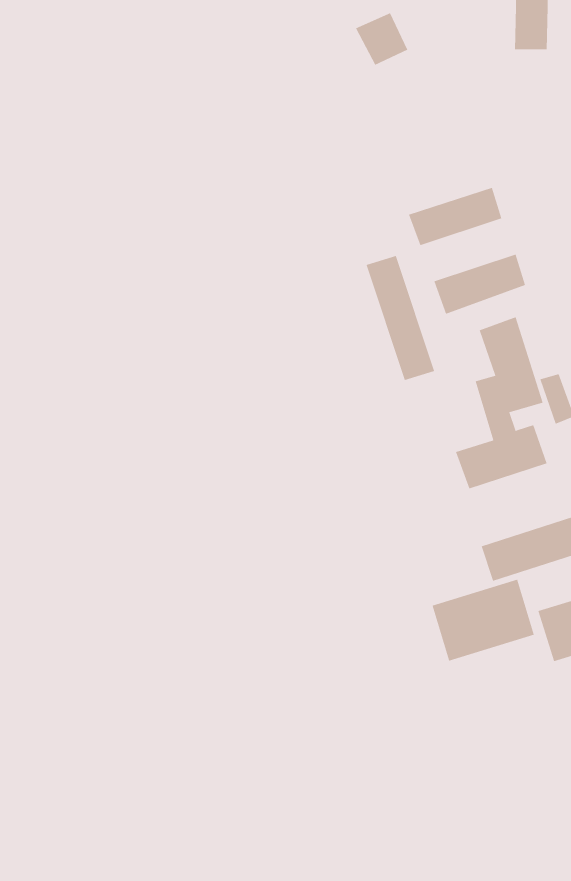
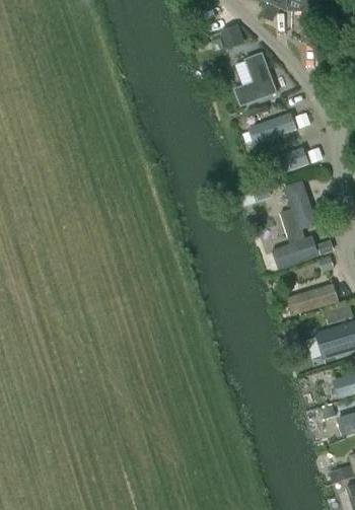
building: none -> [232,53,274,102]
building: [366,255,435,381] -> none
building: [432,579,535,661] -> none

